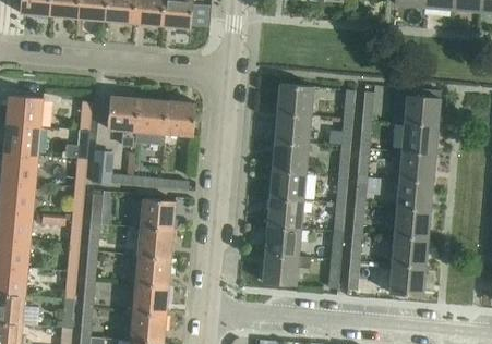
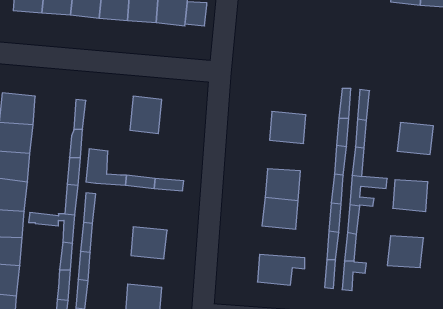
building: [277,84,313,116] -> none
building: [405,95,440,127] -> none
building: [108,96,140,147] -> none
building: [165,101,196,137] -> none
building: [273,142,309,172] -> none
building: [399,152,434,183] -> none
building: [140,198,176,231] -> none
building: [395,209,430,238] -> none
building: [265,226,310,258] -> none
building: [134,256,170,287] -> none
building: [389,266,424,296] -> none

